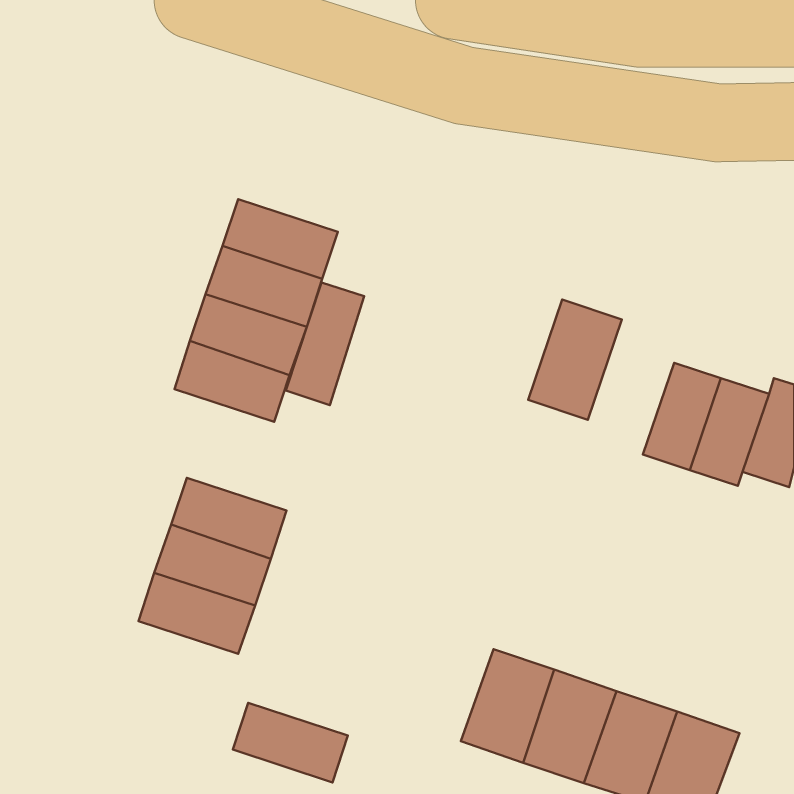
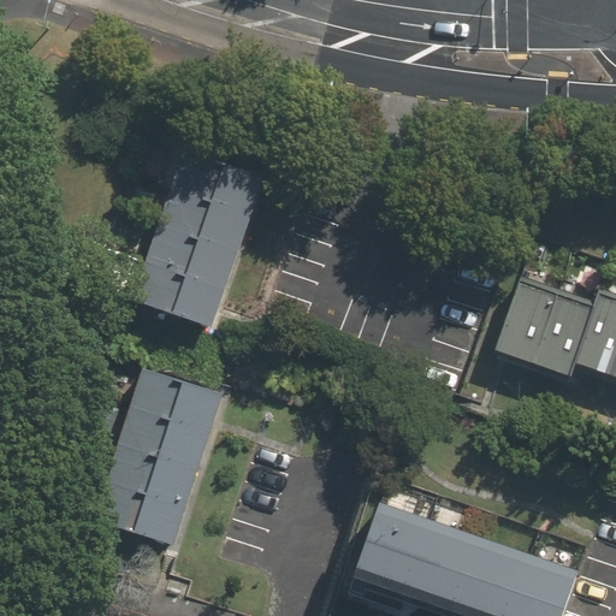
building: [286,282,364,405] -> none
building: [528,300,622,420] -> none
building: [233,703,348,782] -> [95,481,184,543]

